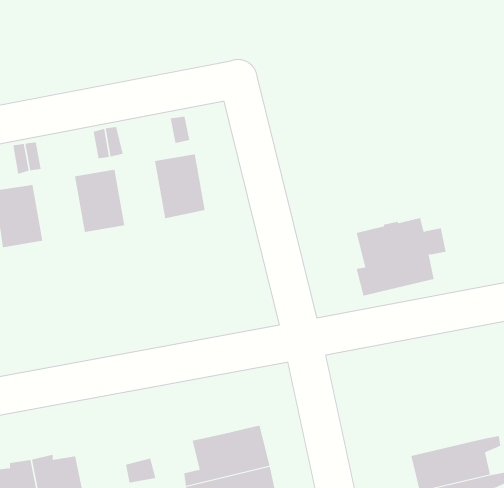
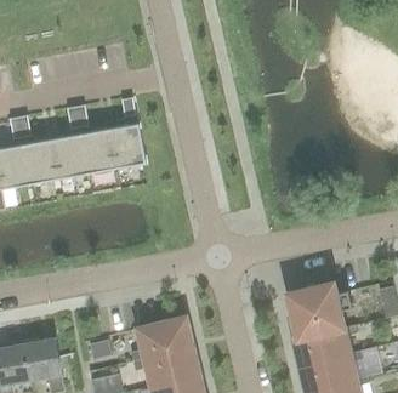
building: none -> [83,129,118,175]
building: none -> [24,139,61,186]
building: [356,218,447,296] -> [288,283,352,338]

